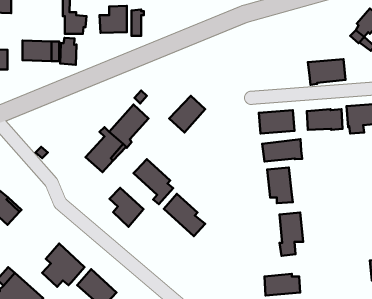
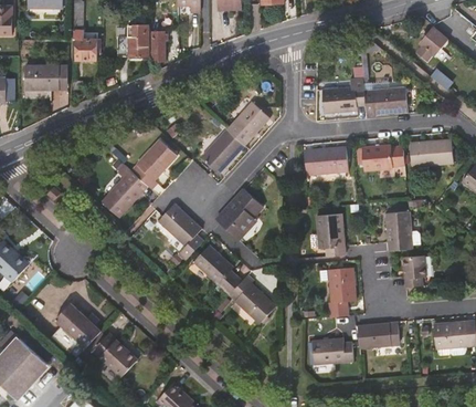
building: [60,38,77,65] -> none
building: none -> [320,77,363,114]
building: none -> [224,102,266,145]
building: [262,139,302,162] -> none
building: none -> [214,188,261,240]
building: none -> [387,211,413,250]
building: [109,188,143,227] -> none
building: none -> [401,255,424,288]
building: none -> [228,274,274,322]
building: none -> [356,322,398,349]

